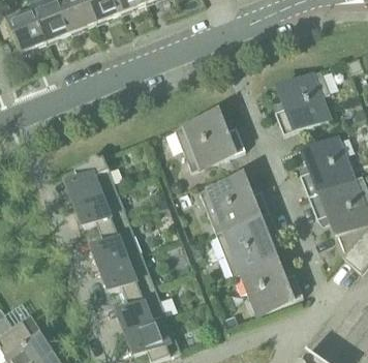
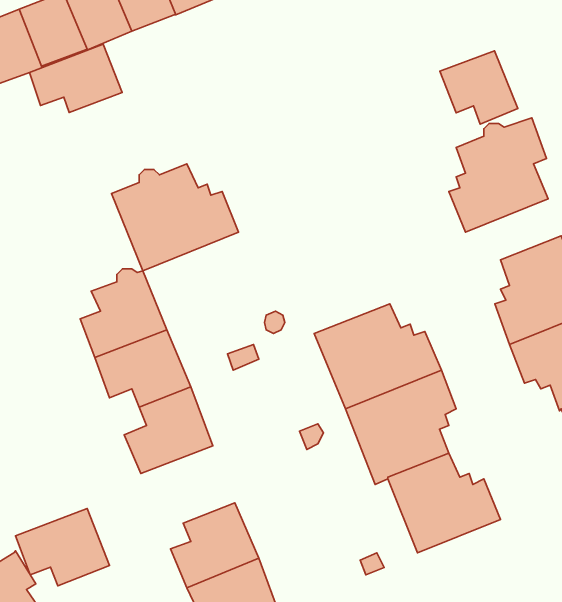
building: none -> [30,44,122,113]
building: none -> [440,51,518,124]
building: [174,111,245,171] -> [111,164,239,271]
building: [101,253,154,297] -> [15,508,109,586]

